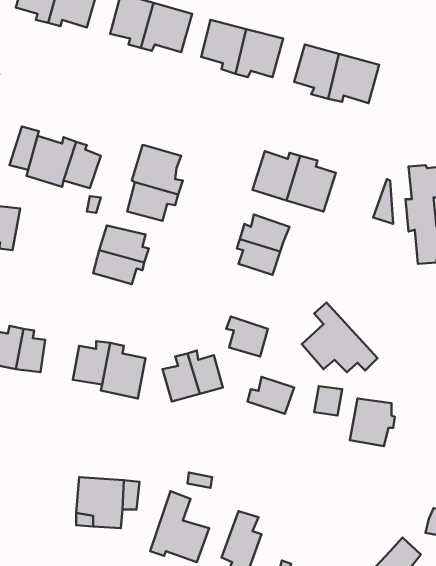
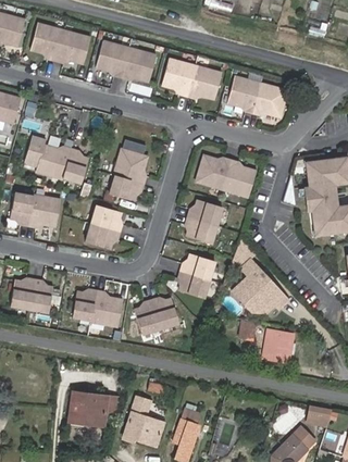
building: none -> [29,191,60,224]
building: [248,377,294,414] -> [183,252,215,278]

